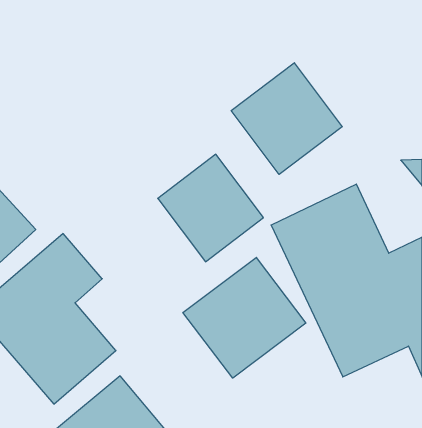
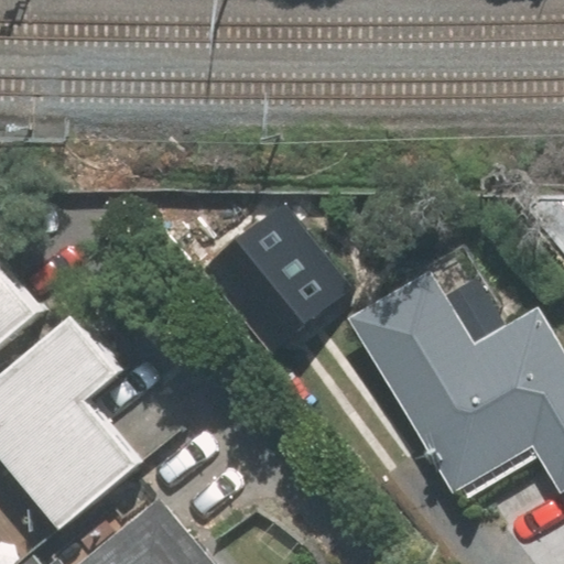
building: [231,63,342,174] -> none
building: [183,257,306,378] -> none

